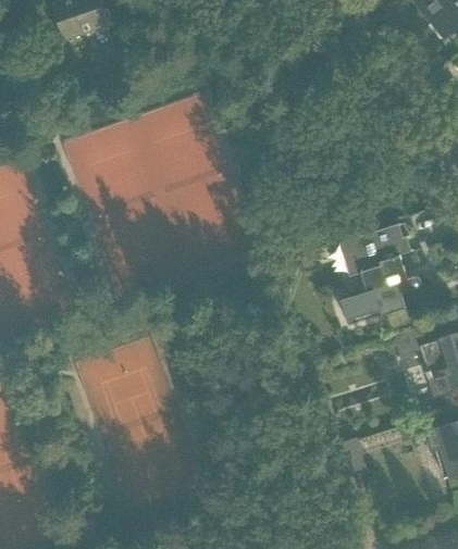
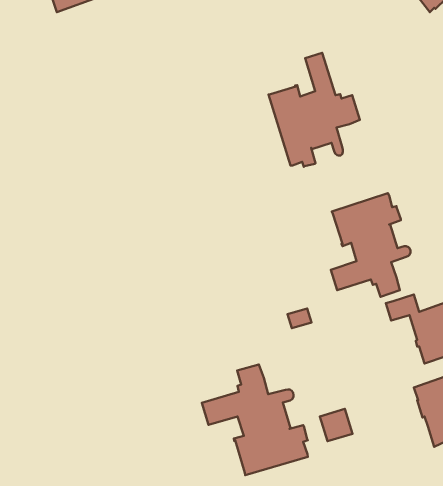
building: none -> [269,53,360,167]
building: none -> [202,364,308,475]

